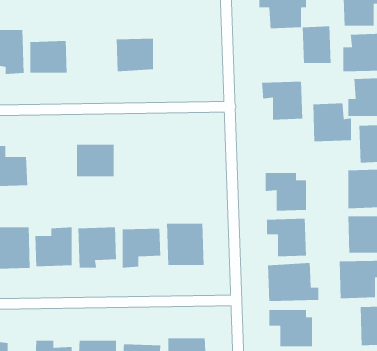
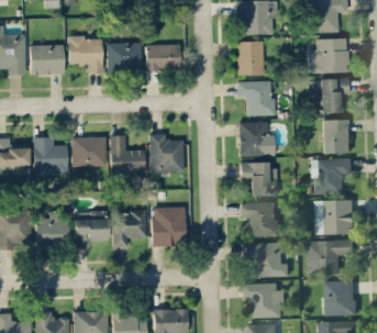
building: [302,26,331,64] -> [236,41,263,75]
building: none -> [68,36,103,73]
building: none -> [145,44,179,70]
building: [312,103,352,142] -> [239,121,274,156]
building: none -> [148,133,184,173]
building: none -> [110,134,144,174]
building: none -> [32,136,67,175]

